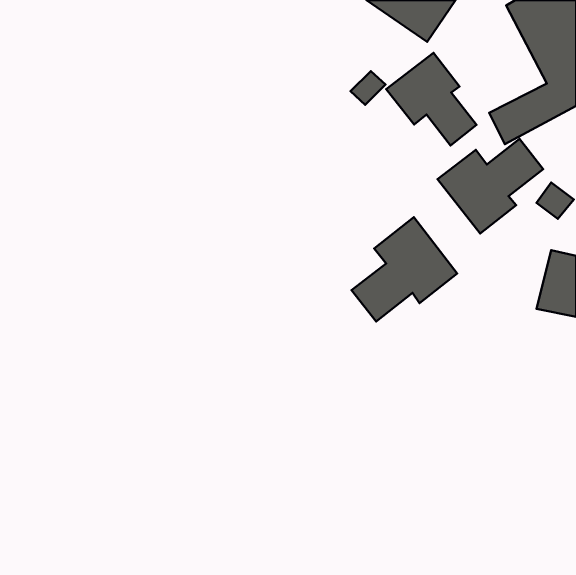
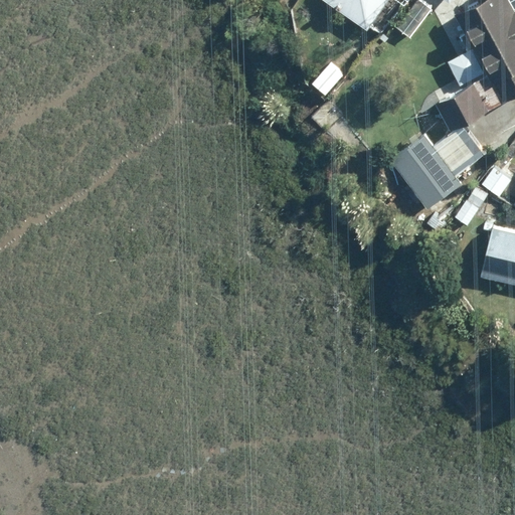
building: [386,53,477,145] -> none
building: [351,217,457,322] -> none

